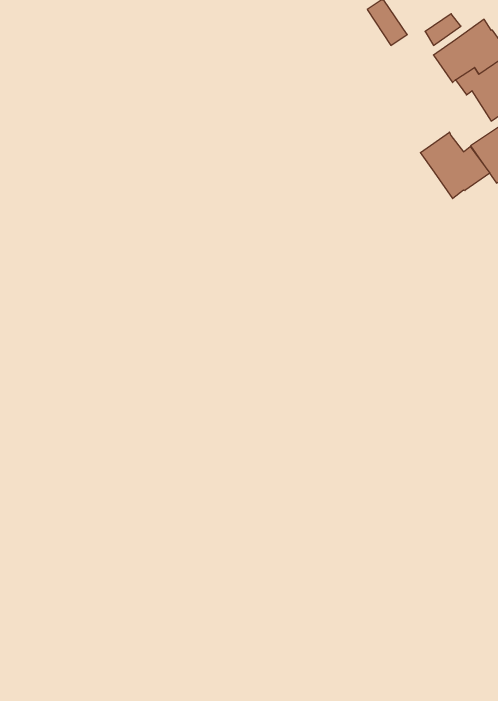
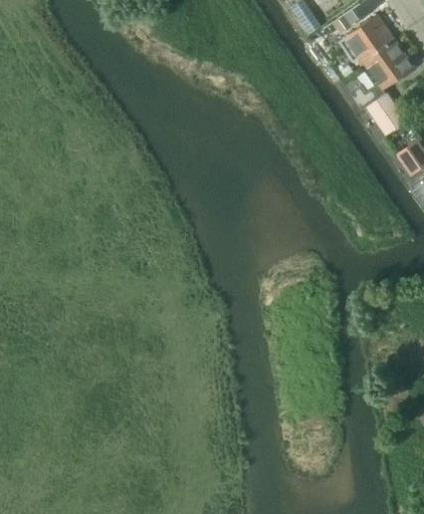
building: [420,132,490,199] -> none

